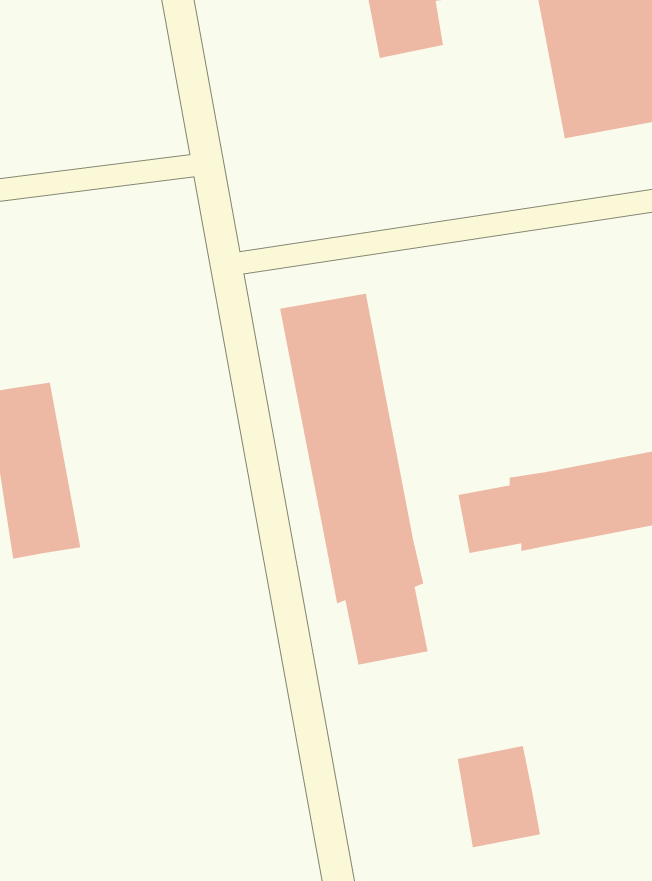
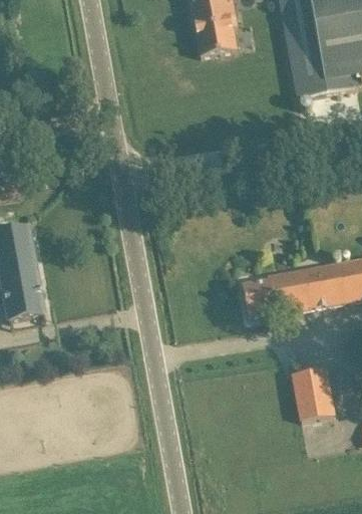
building: [279,293,429,666] -> none
building: [457,745,541,848] -> [292,365,336,420]

